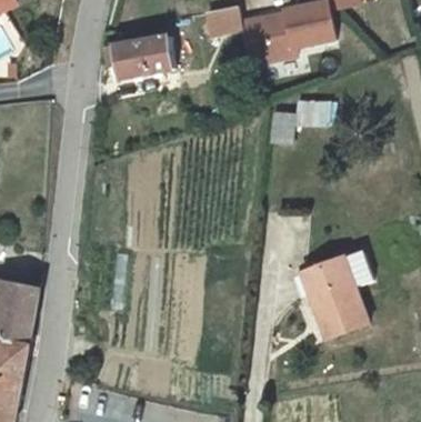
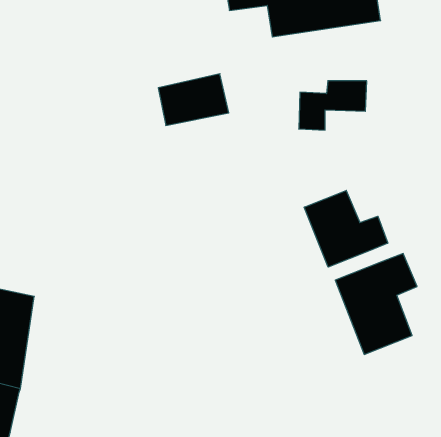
building: [110,33,172,79] -> [158,74,229,125]
building: none -> [304,190,388,267]

